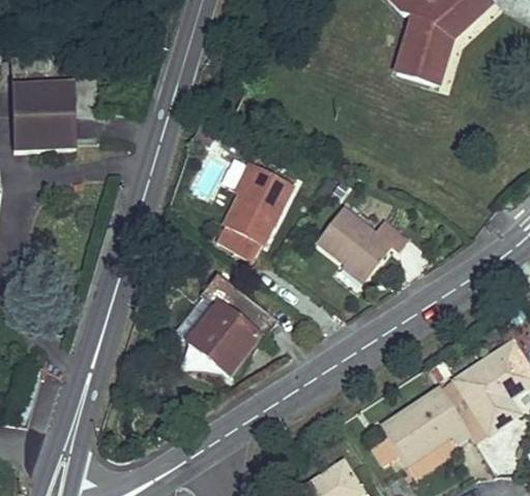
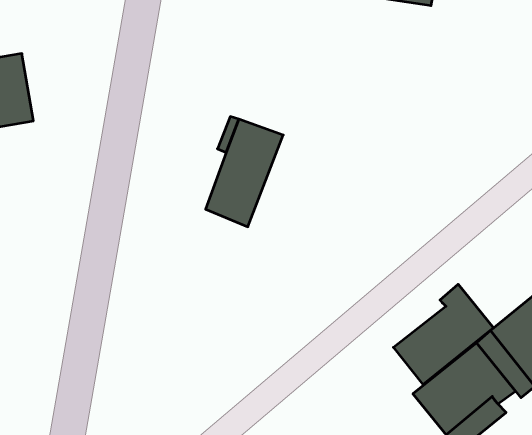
building: [320,207,410,280] -> none
building: [187,270,276,372] -> none
building: none -> [393,284,494,385]

